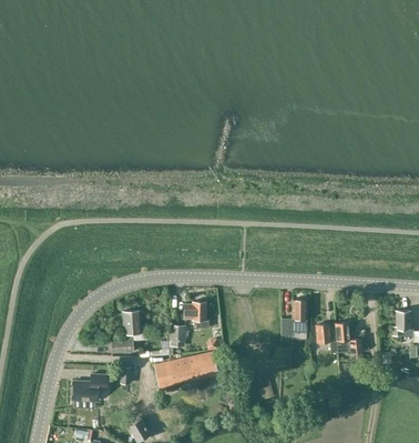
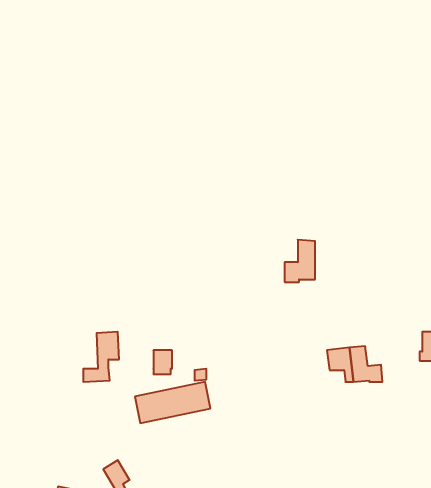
building: [282,299,307,334] -> [285,240,315,282]
building: [184,301,210,328] -> none
building: [71,374,108,400] -> none

